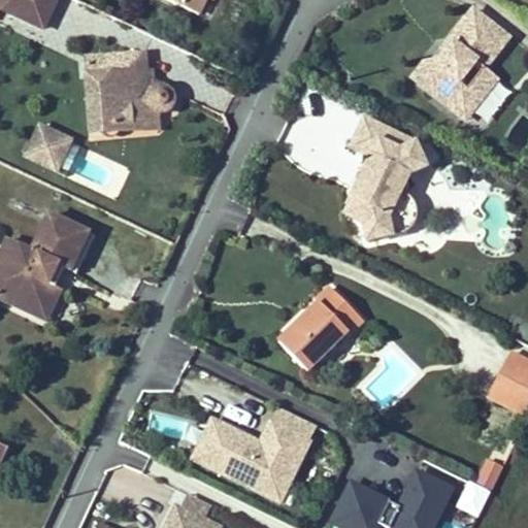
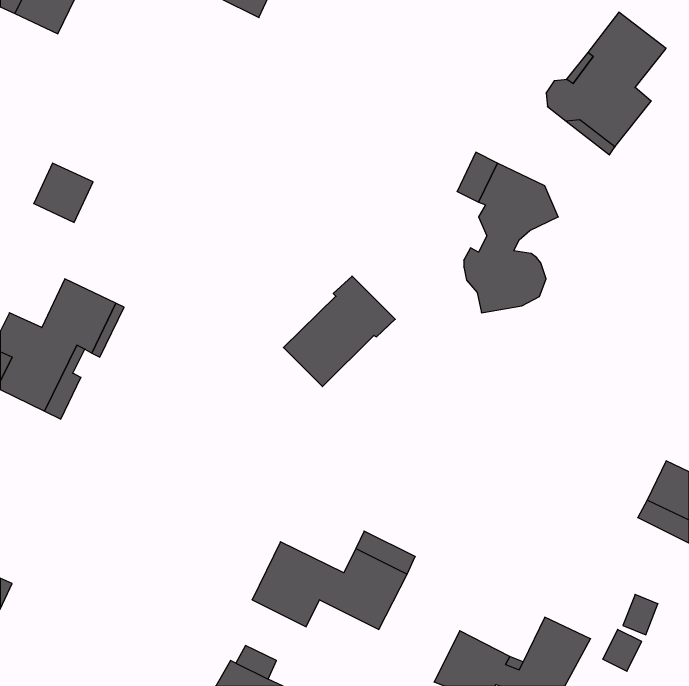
building: [87,53,178,133] -> none
building: [278,288,364,372] -> [283,276,395,387]
building: [234,459,290,501] -> none

